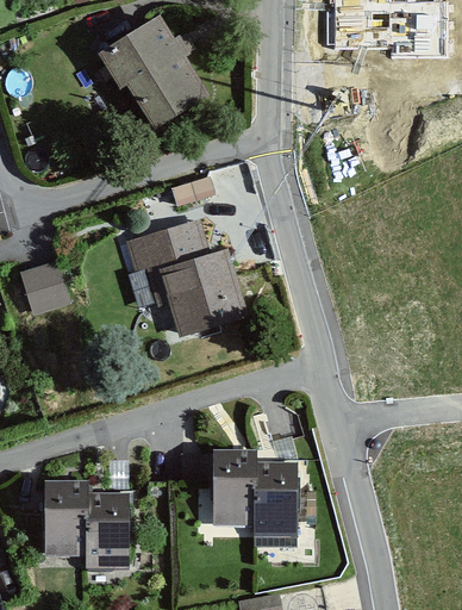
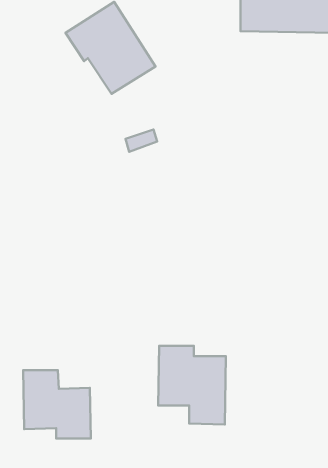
building: [127,218,252,340] -> none
building: [19,260,70,313] -> none

